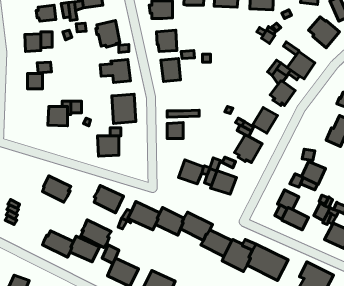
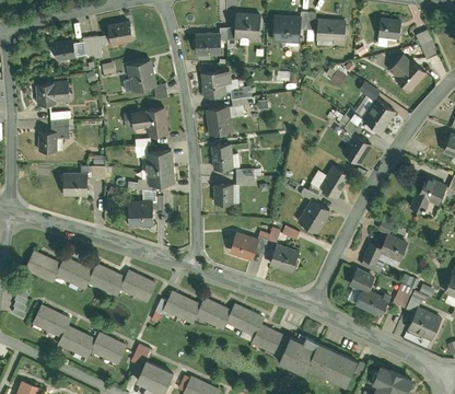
building: none -> [211,148,233,173]
building: none -> [25,246,65,281]
building: none -> [35,300,73,333]
building: [81,220,111,247] -> [91,258,128,292]

